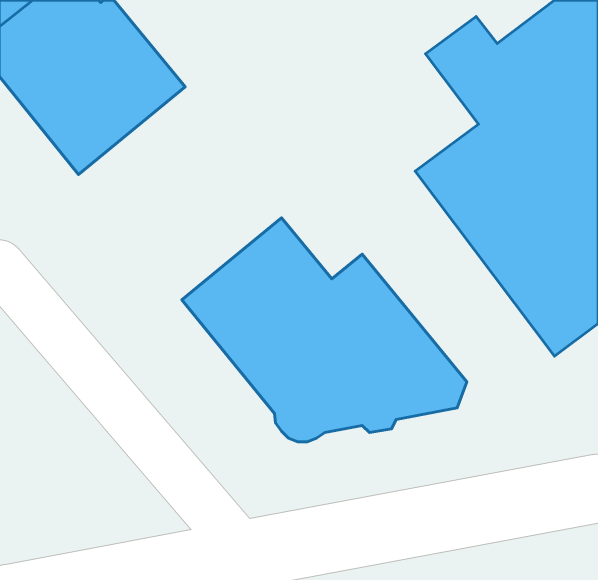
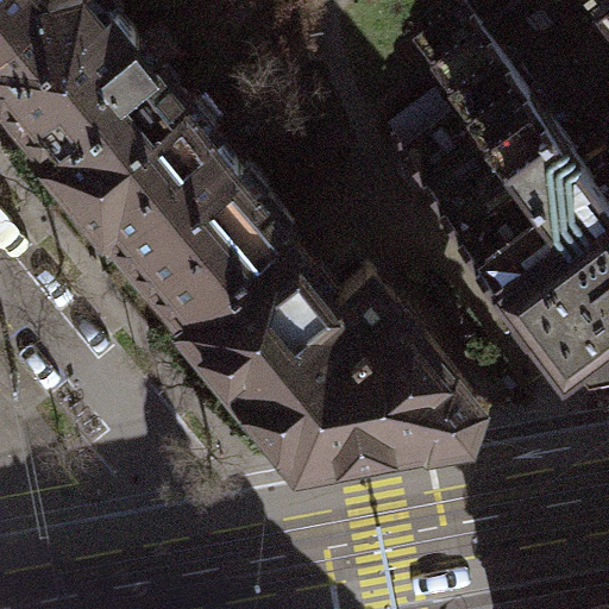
building: none -> [80,107,293,324]

